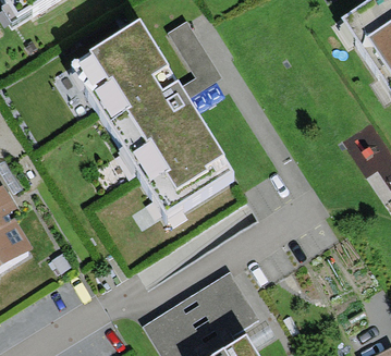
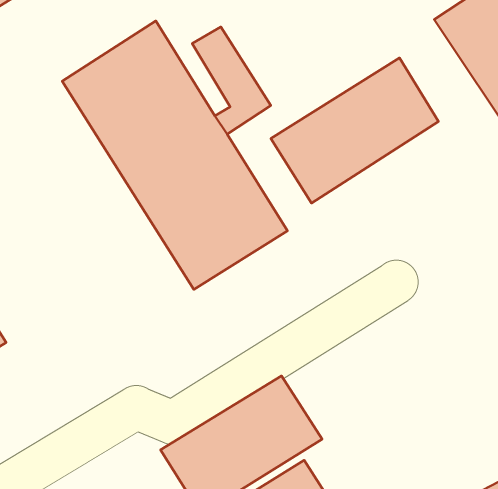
building: none -> [271,58,439,203]

